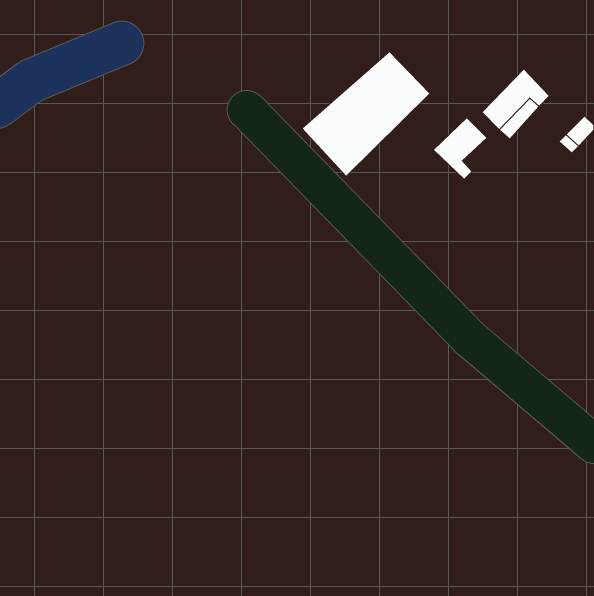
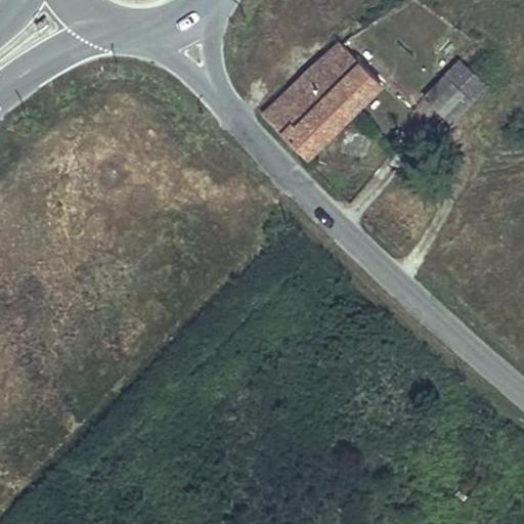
building: [433,118,487,180] -> none

